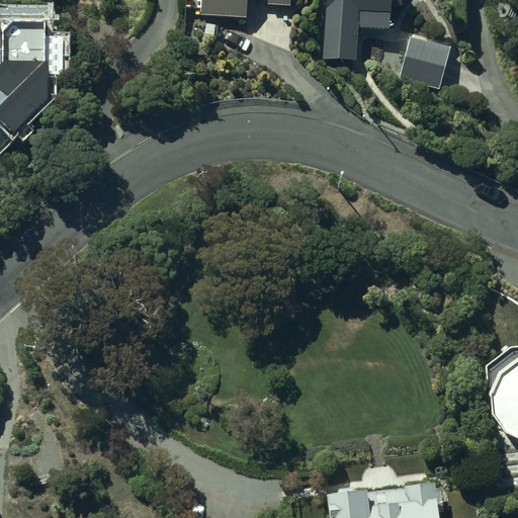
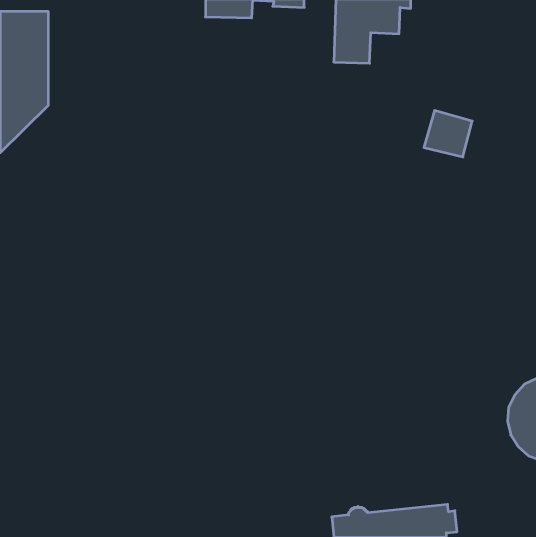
building: [400,41,446,86] -> [424,111,472,157]

